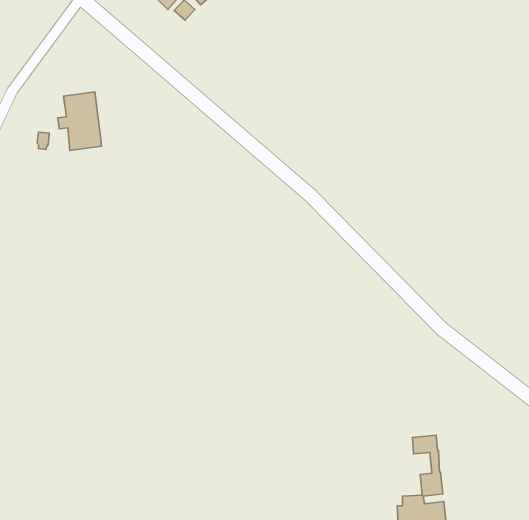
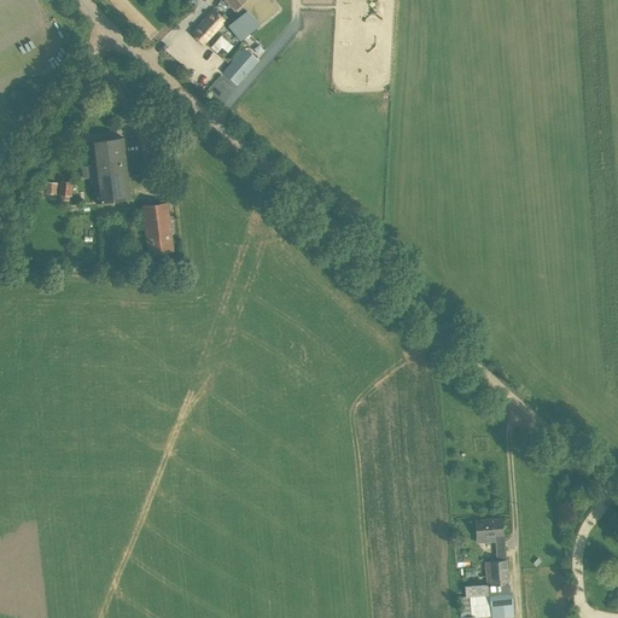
building: none -> [223,49,257,84]
building: none -> [141,203,173,255]

